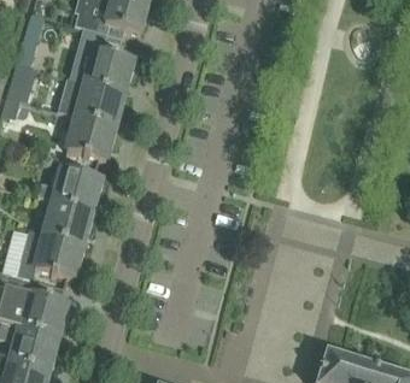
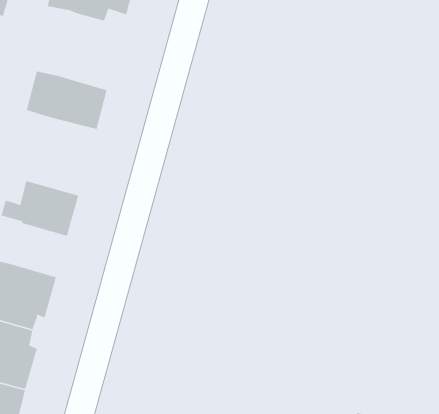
building: [87,28,133,92] -> none
building: [69,114,116,158] -> none
building: [46,200,92,243] -> none

